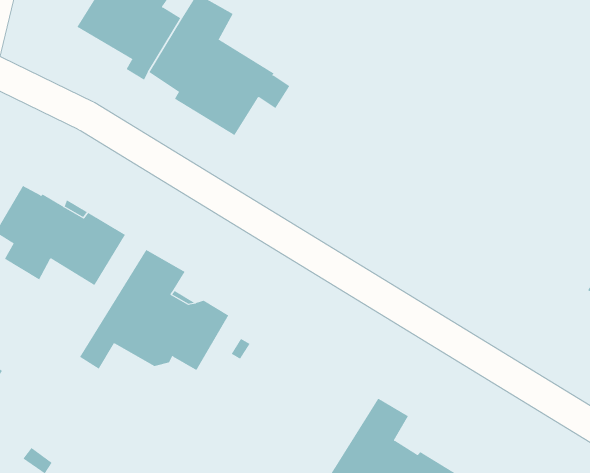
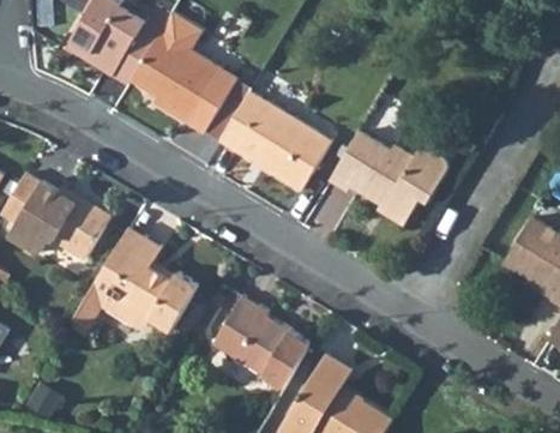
building: none -> [218,90,331,191]
building: none -> [327,131,447,225]
building: none -> [210,296,309,389]

